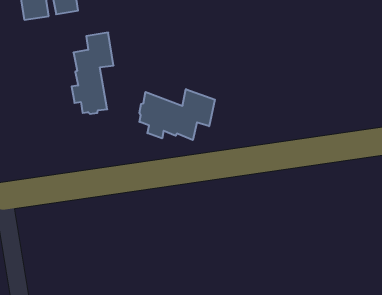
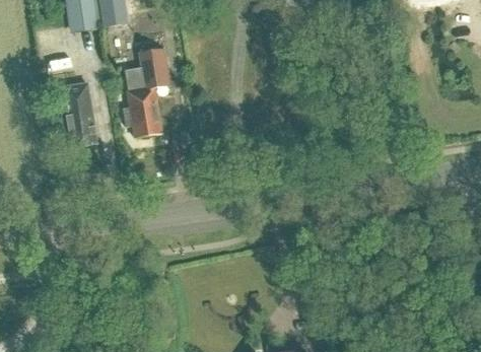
building: none -> [58,81,97,145]
building: [139,89,215,140] -> none

